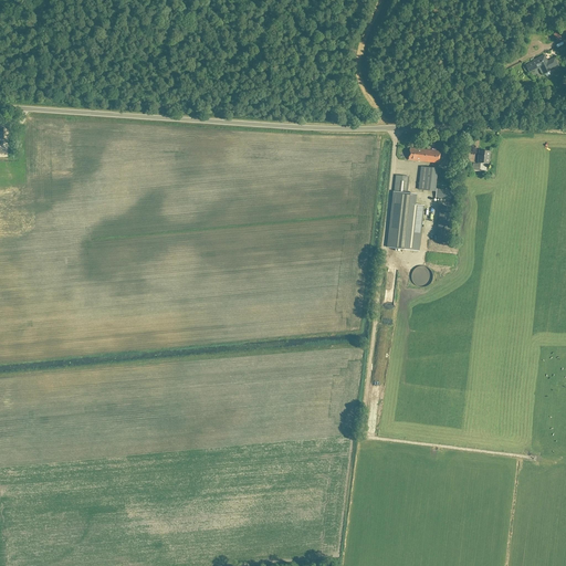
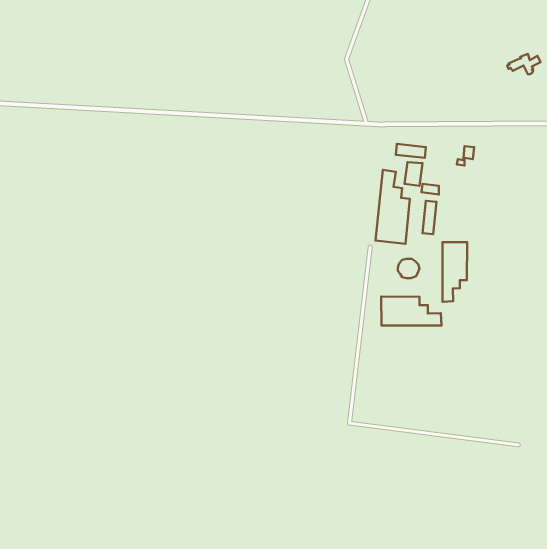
building: none -> [443,242,467,302]
building: none -> [381,296,441,326]

